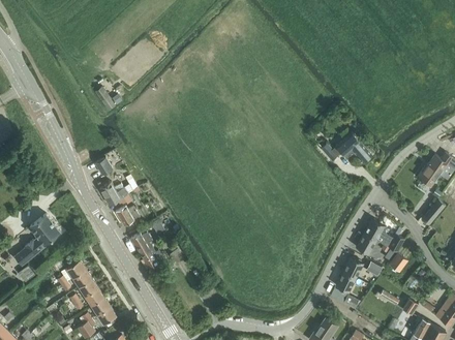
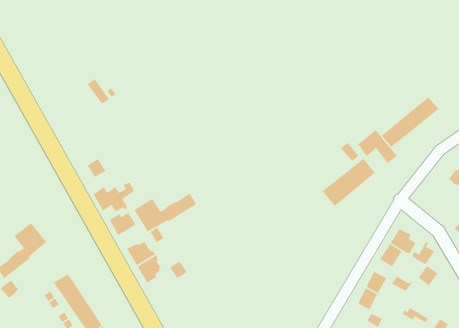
building: none -> [381,96,440,148]
building: none -> [321,158,376,207]
building: none -> [134,193,197,233]

